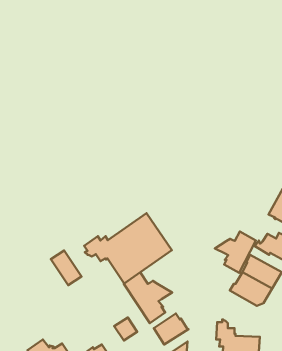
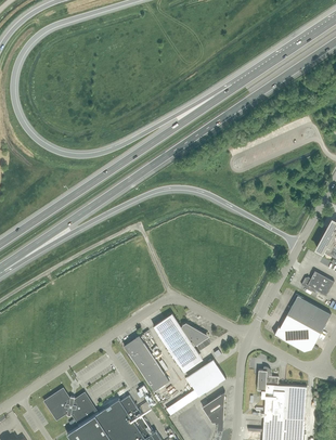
building: [84,213,172,283] -> none
building: [215,231,256,273] -> none
building: [51,251,82,285] -> [124,336,158,375]

